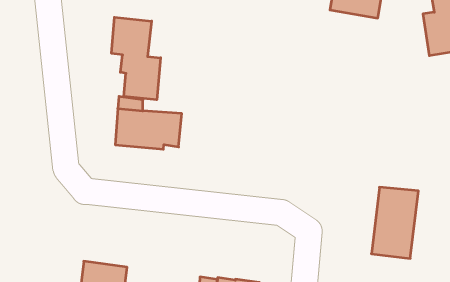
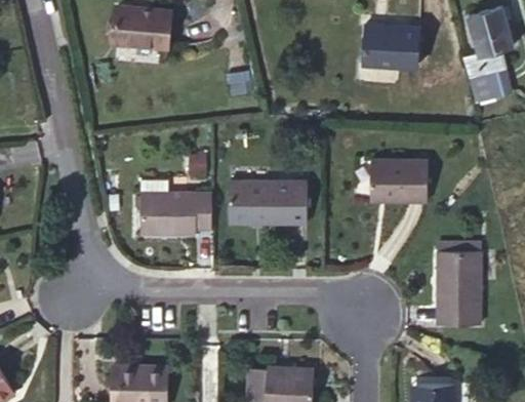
building: [112,17,161,100] -> none
building: none -> [371,160,428,201]
building: none -> [229,182,307,225]

